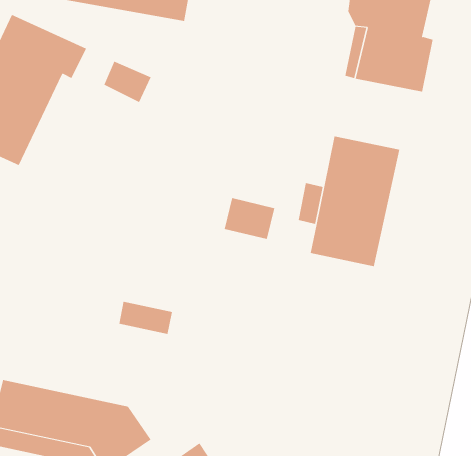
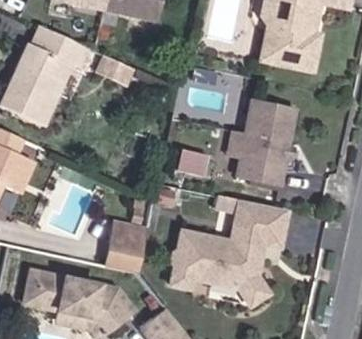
building: none -> [172,204,288,310]
building: none -> [103,228,143,267]

